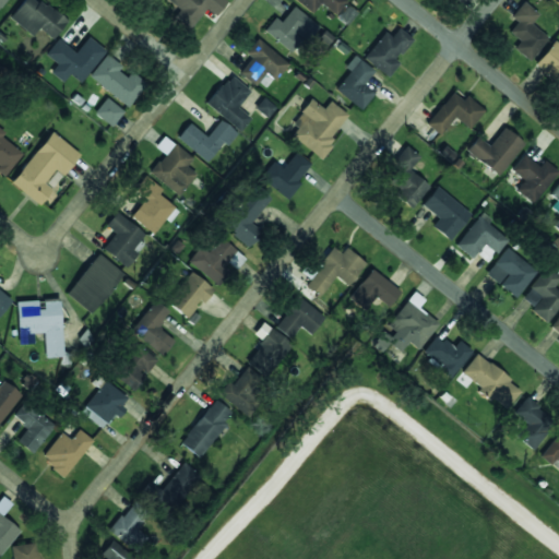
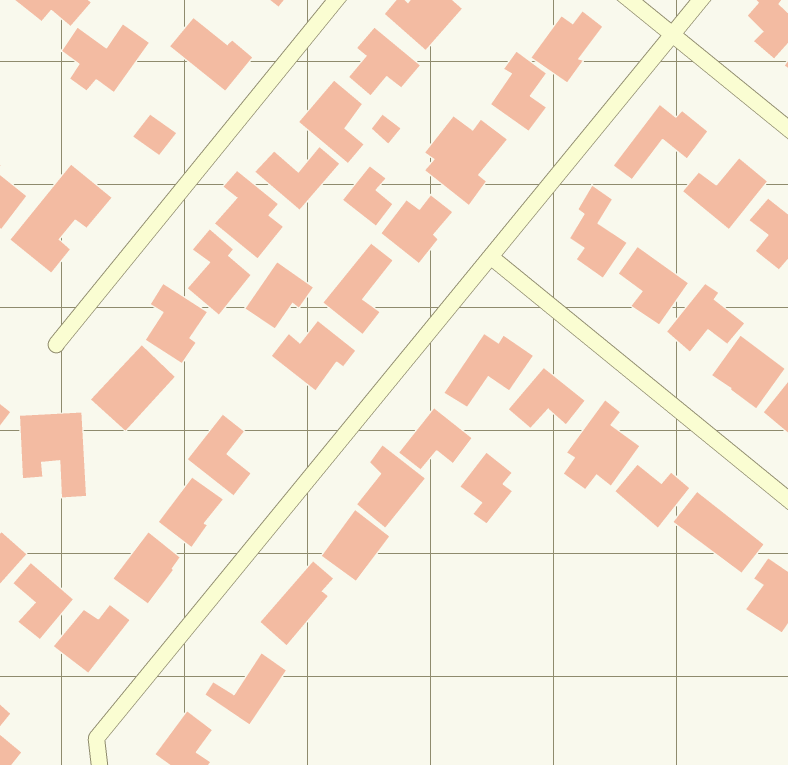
building: [92,57,148,107] -> [169,17,253,91]
building: none -> [342,166,393,226]
building: [169,272,216,318] -> [244,262,314,329]
building: none -> [459,452,513,524]

